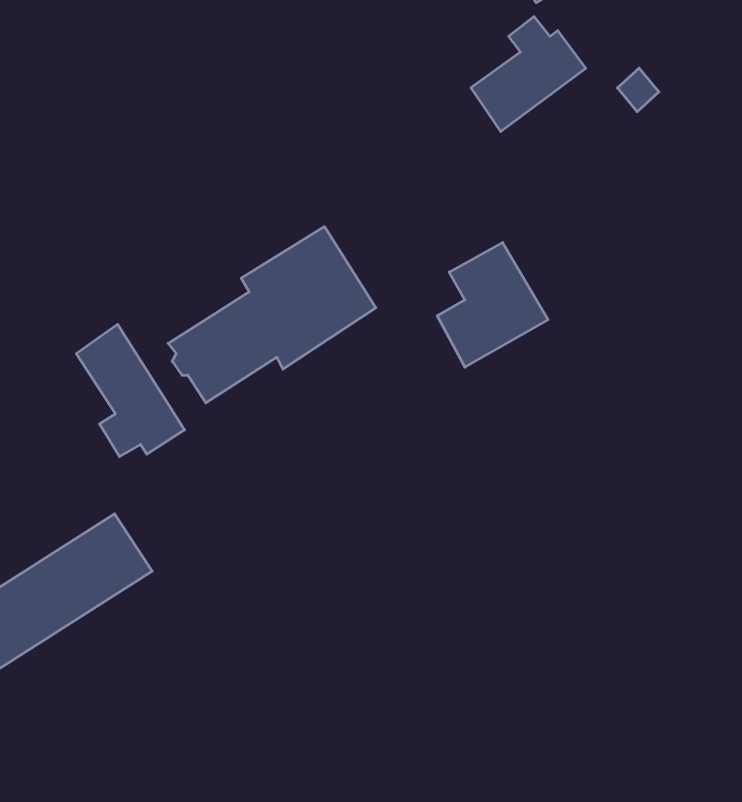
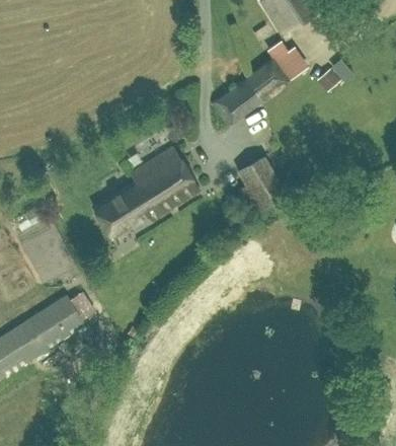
building: none -> [212,77,264,127]
building: [76,324,185,457] -> none

